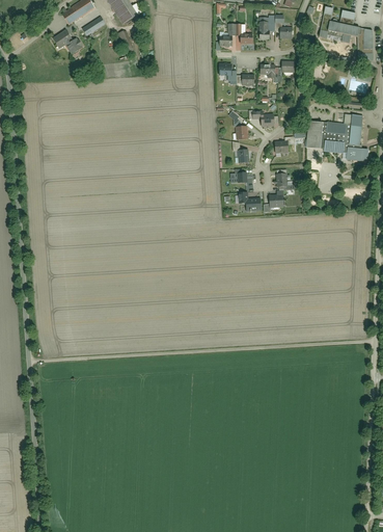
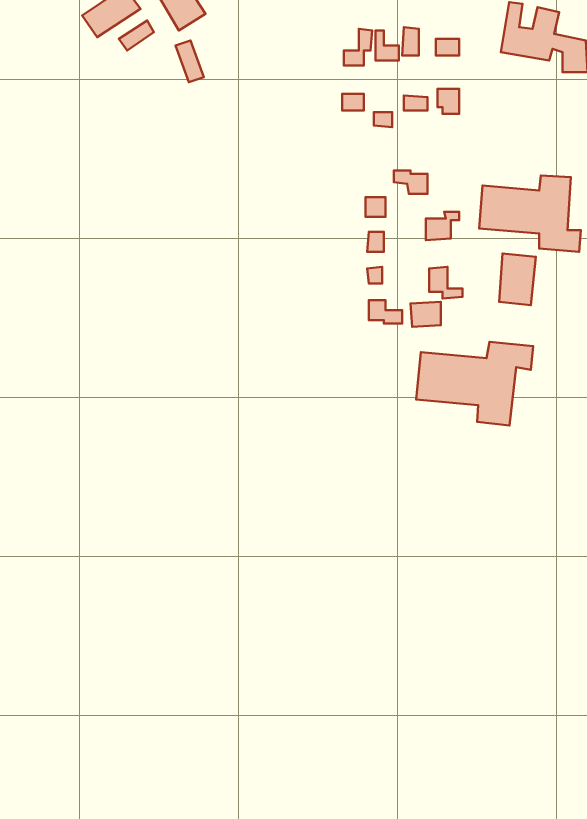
building: [52,29,83,55] -> none
building: none -> [416,342,533,426]

